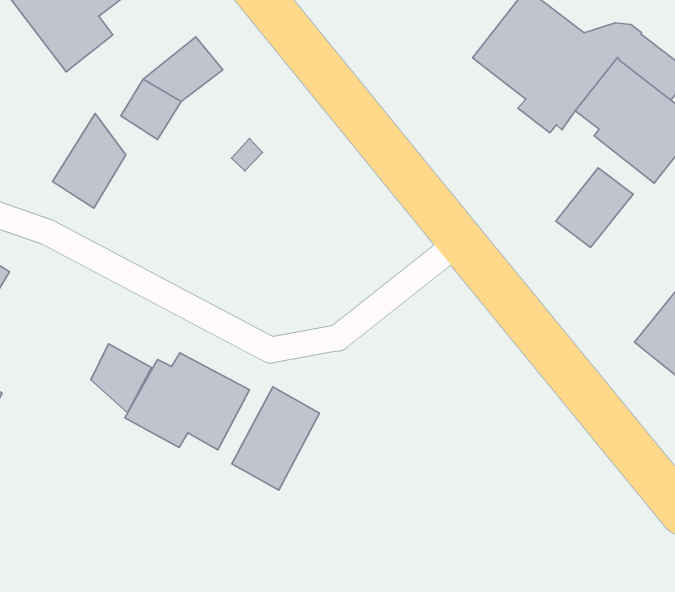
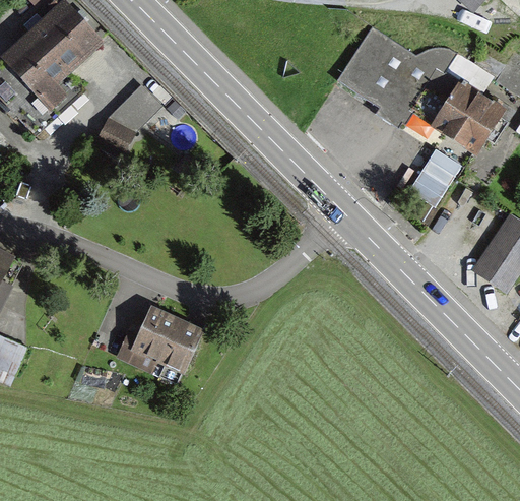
building: [52,113,126,208] -> none
building: [91,344,152,413] -> none
building: [232,387,319,490] -> none

